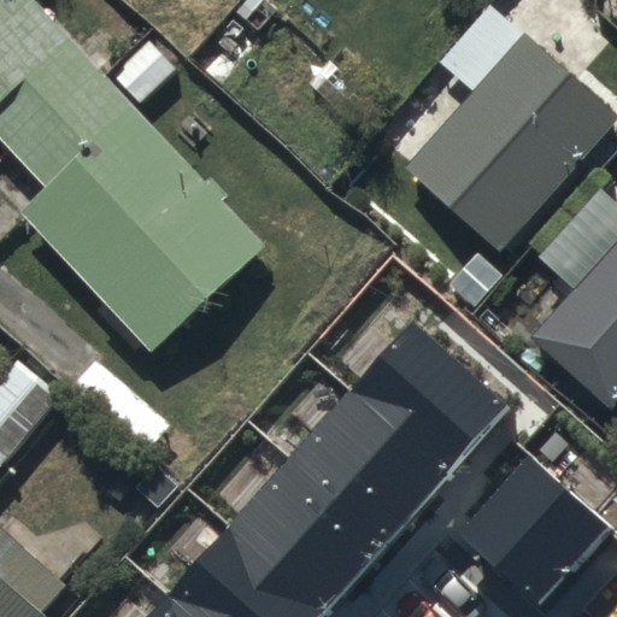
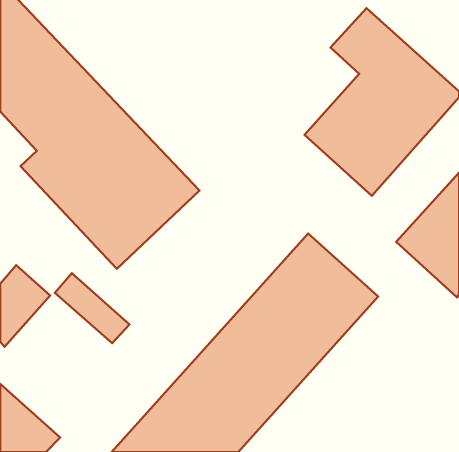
building: [463,451,609,595] -> none

